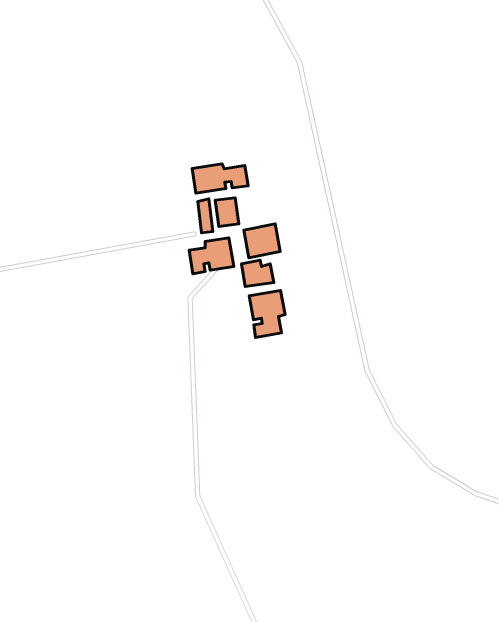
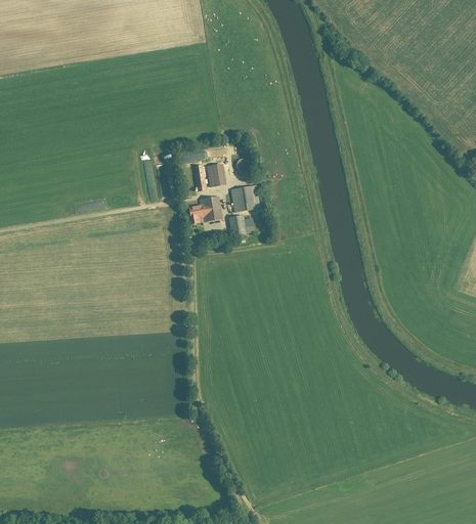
building: [192,164,248,193] -> none
building: [249,291,285,338] -> none

